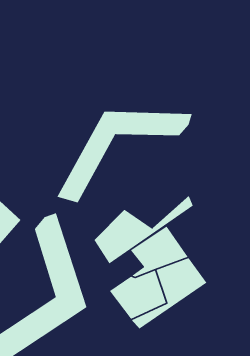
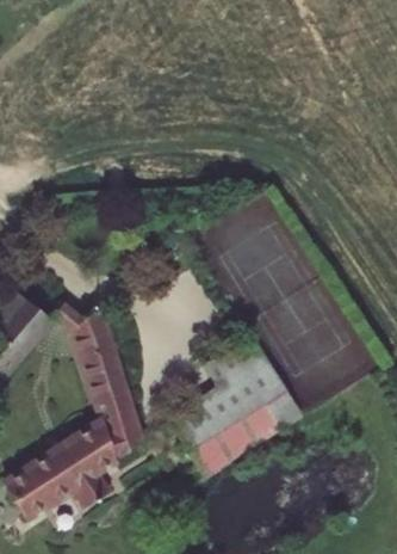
building: [56,111,193,203] -> none
building: [93,195,194,264] -> none

